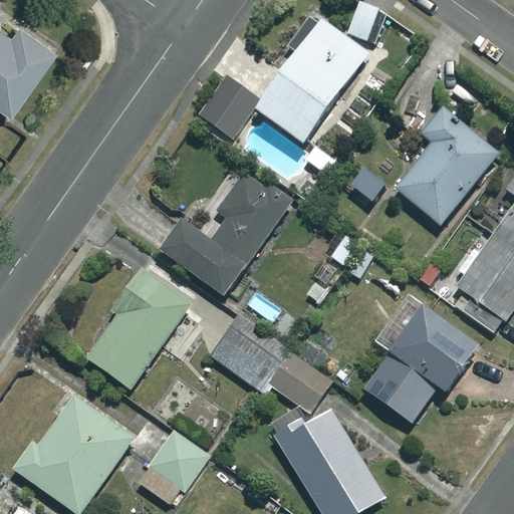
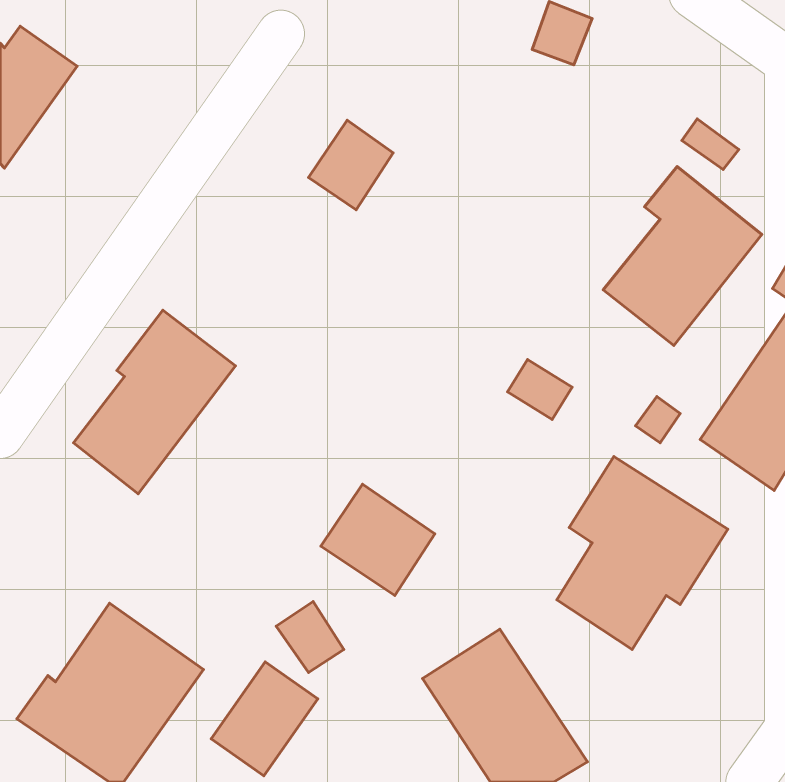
building: [256,18,366,143] -> none
building: [163,176,288,296] -> none
building: [85,269,191,389] -> [74,310,235,494]
building: [271,351,331,411] -> none

